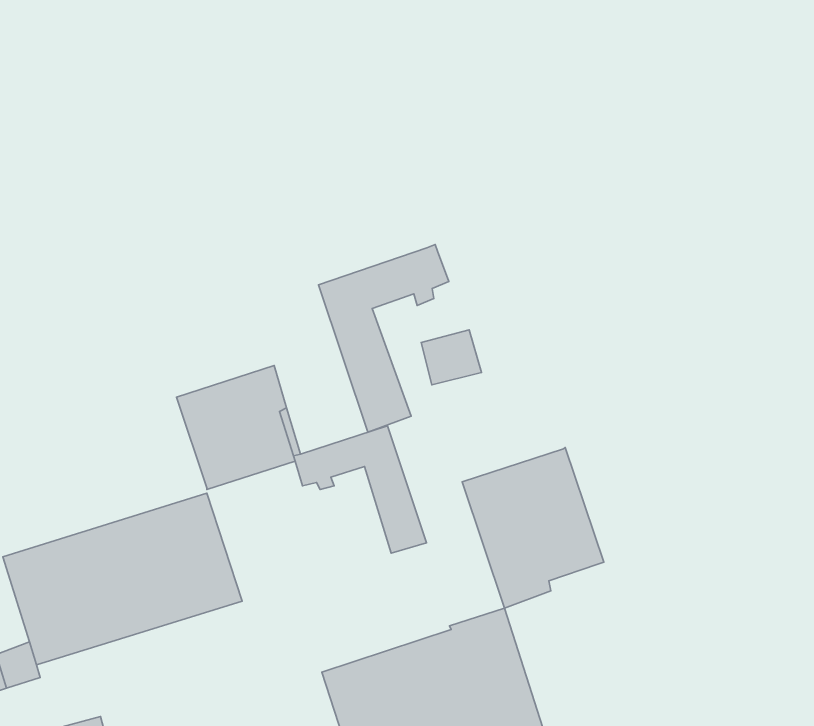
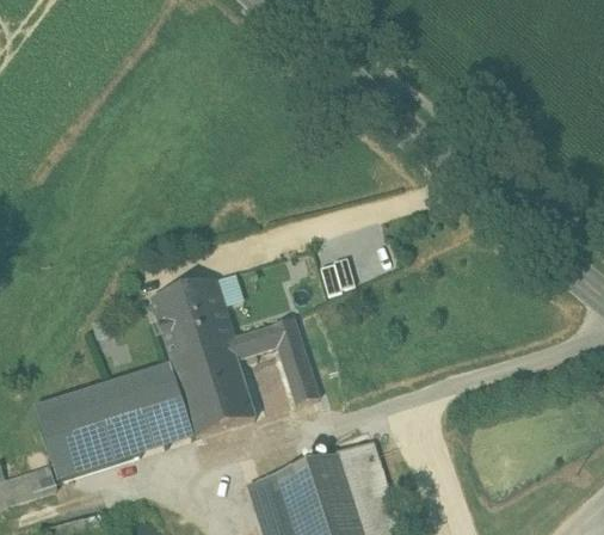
building: [319,244,449,432] -> none
building: [462,448,604,608] -> none
building: none -> [170,340,253,435]

